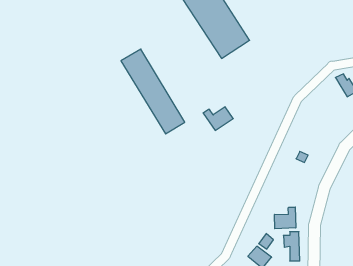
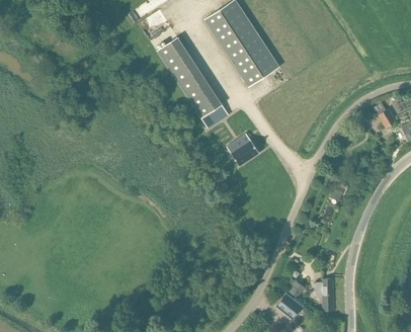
building: [121,49,185,134] -> [156,35,227,130]
building: [275,207,296,229] -> none

